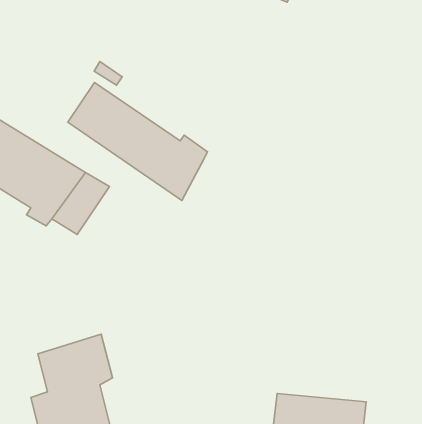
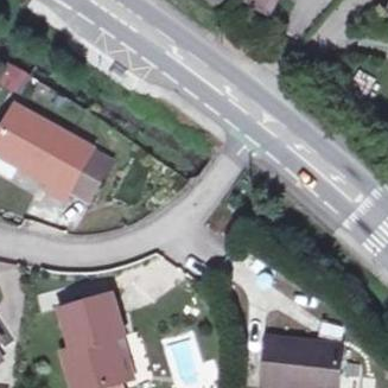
building: [68,82,207,200] -> none

